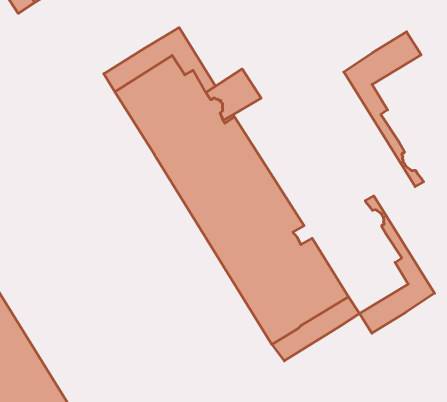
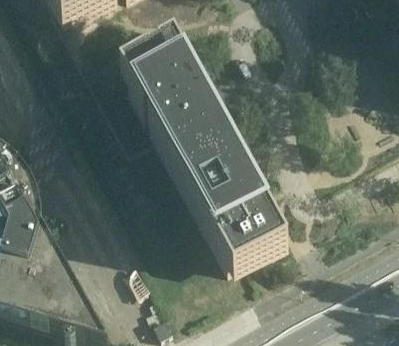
building: [344,32,424,187] -> none
building: [360,196,435,333] -> none

